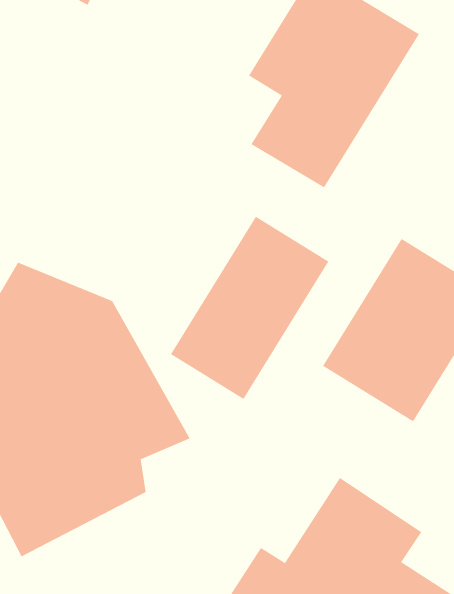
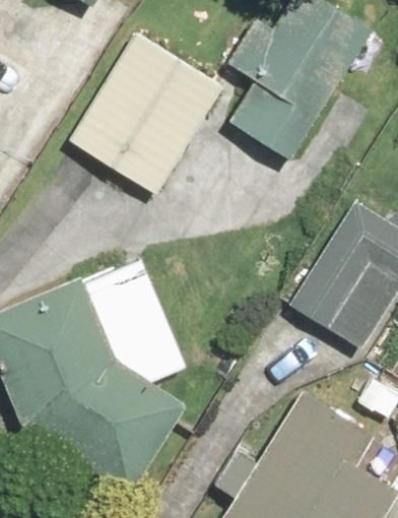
building: none -> [68,33,225,195]
building: [170,216,329,400] -> none

